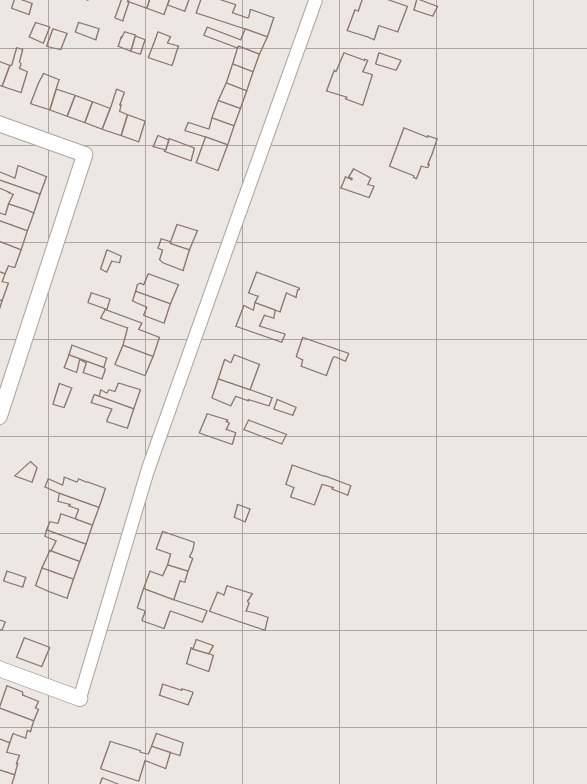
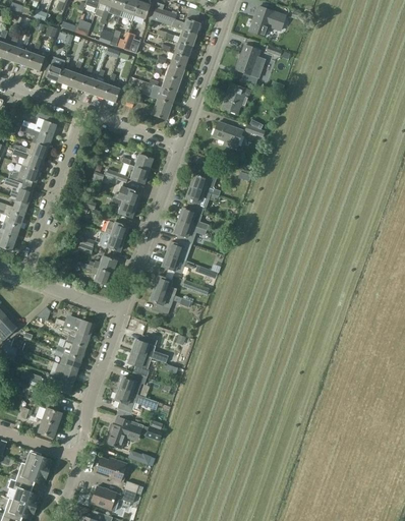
building: [390,128,437,179] -> [221,82,251,115]
building: none -> [212,121,242,149]
building: none -> [190,170,220,195]
building: [296,337,349,376] -> [173,220,207,244]
building: [286,465,351,505] -> [150,288,191,313]
building: [210,586,268,630] -> [130,335,168,363]
building: none -> [36,401,62,425]
building: none -> [105,417,143,449]
building: none -> [95,457,127,481]

